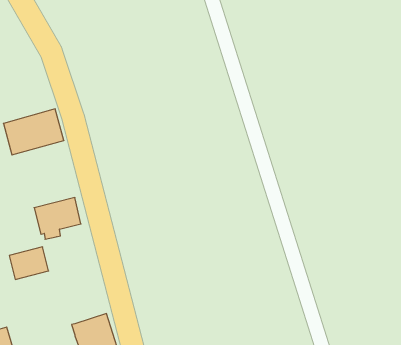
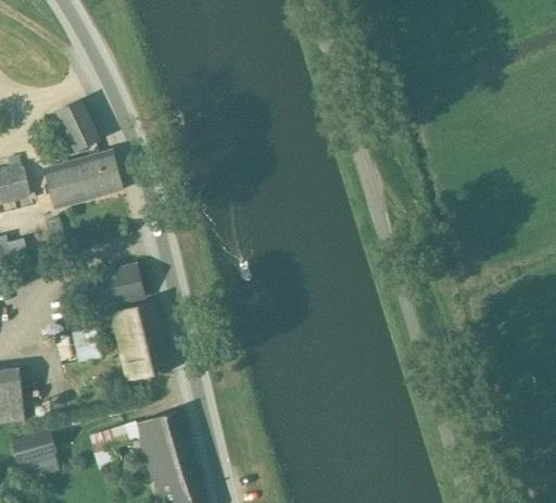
building: none -> [54,100,100,151]
building: none -> [112,303,169,379]

